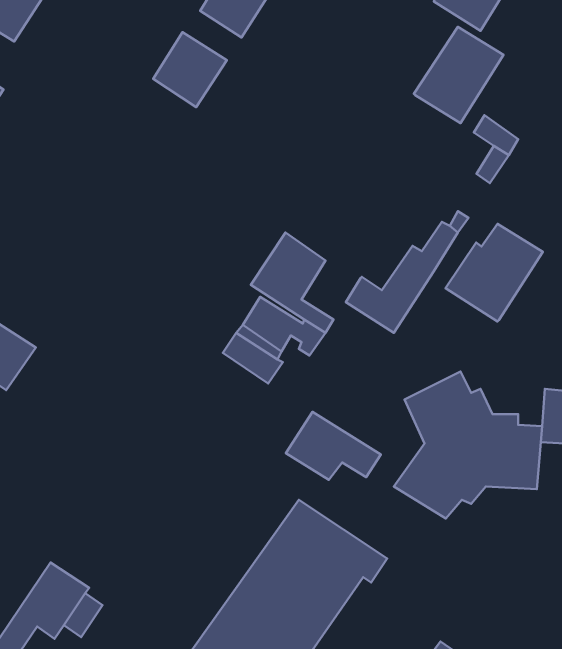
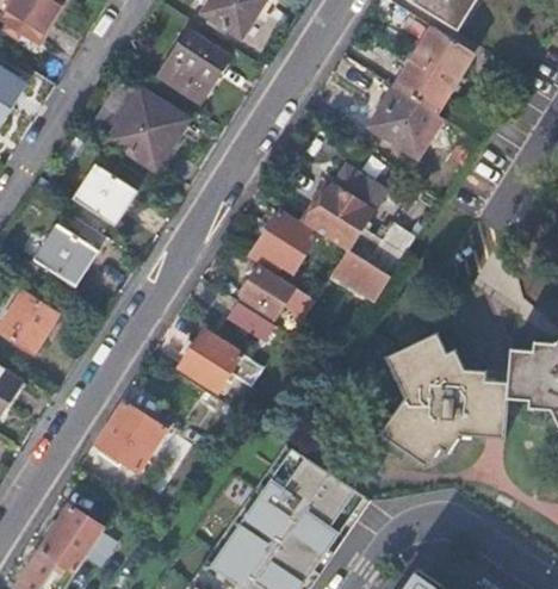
building: none -> [93,79,186,172]
building: none -> [370,87,441,156]
building: none -> [75,165,137,225]
building: [445,224,543,321] -> [299,163,386,250]
building: none -> [36,224,98,285]
building: [286,412,381,480] -> [178,329,262,390]
building: none -> [94,399,166,482]

